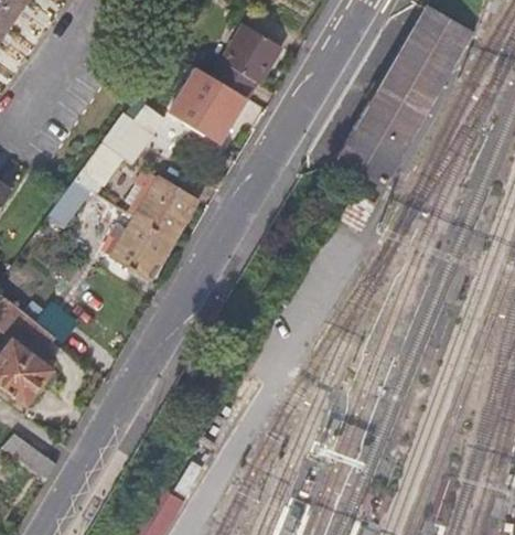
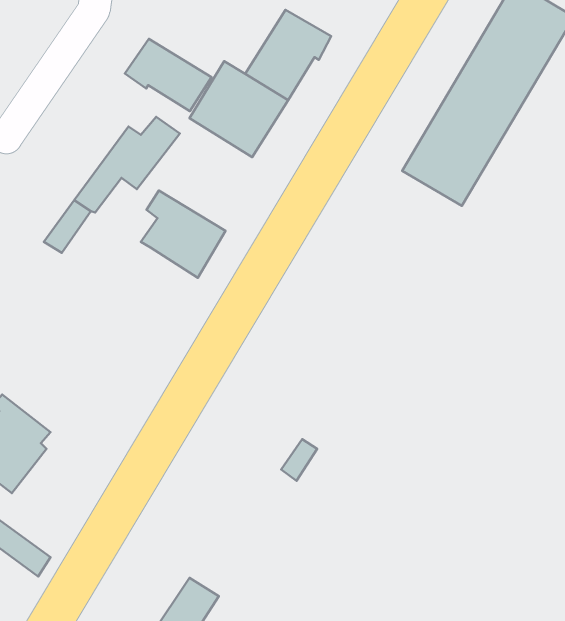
building: none -> [125,39,212,111]
building: [106,215,174,278] -> none
building: [22,295,74,343] -> none

